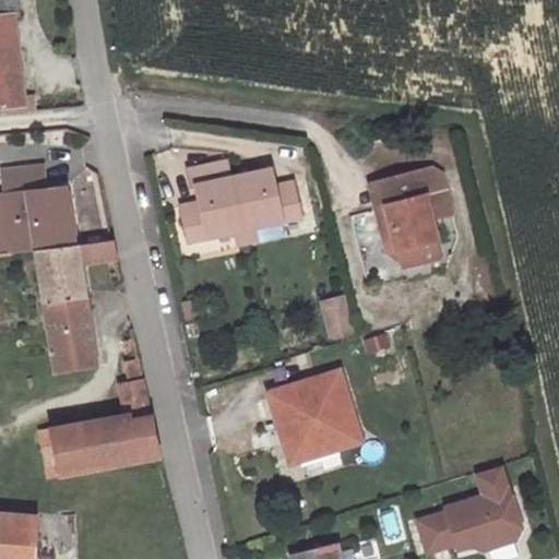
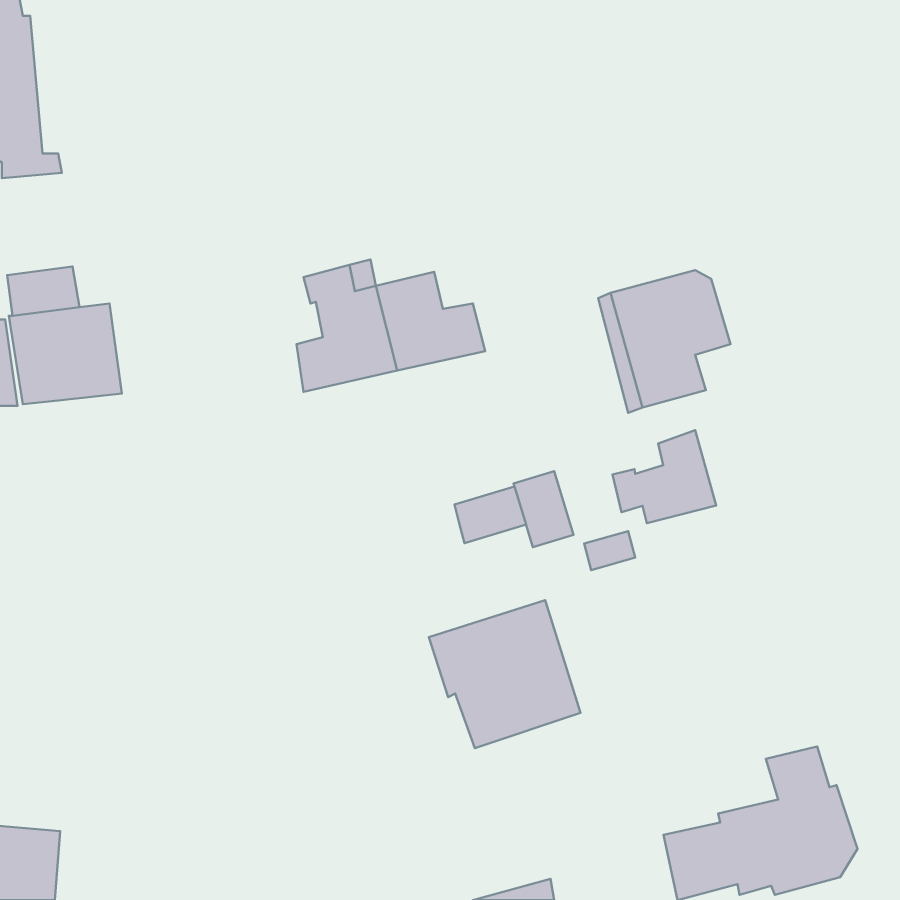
building: [36,239,118,371] -> none
building: none -> [613,430,716,523]
building: none -> [454,486,526,543]
building: [41,362,160,479] -> none

